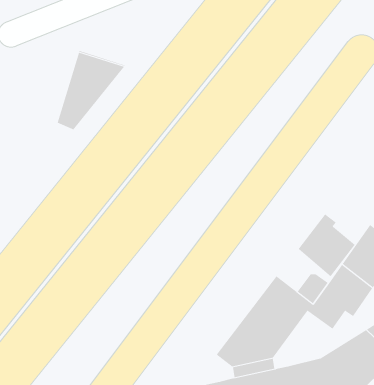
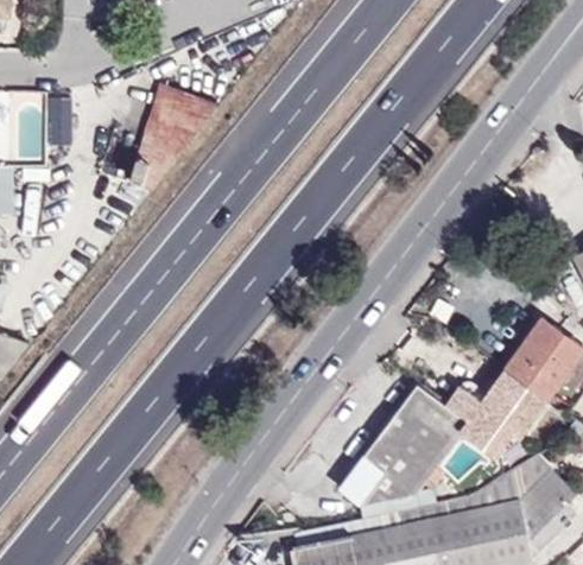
building: [298,214,355,277] -> none

